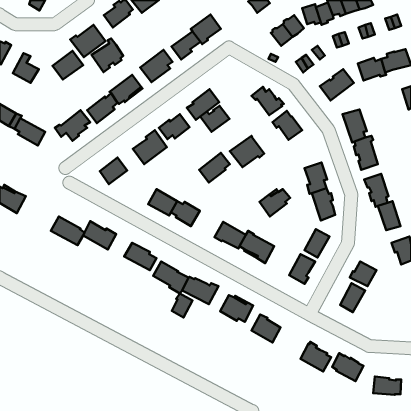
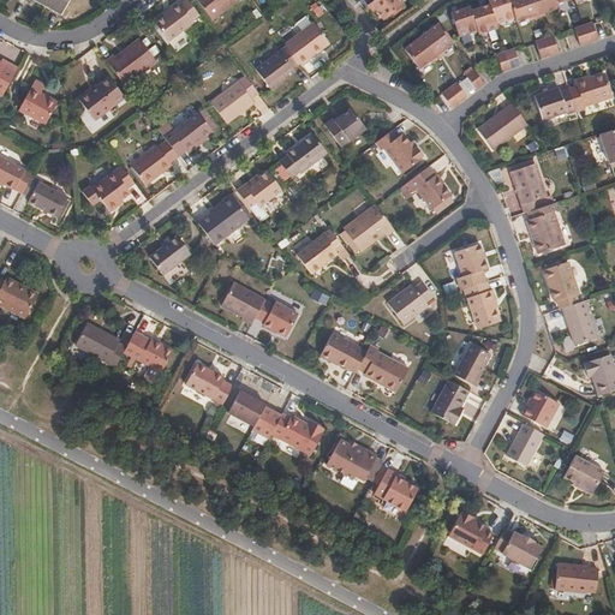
building: [91,38,123,72] -> none
building: [200,106,229,132] -> [324,108,368,147]
building: [172,294,192,317] -> none
building: none -> [565,455,604,495]

